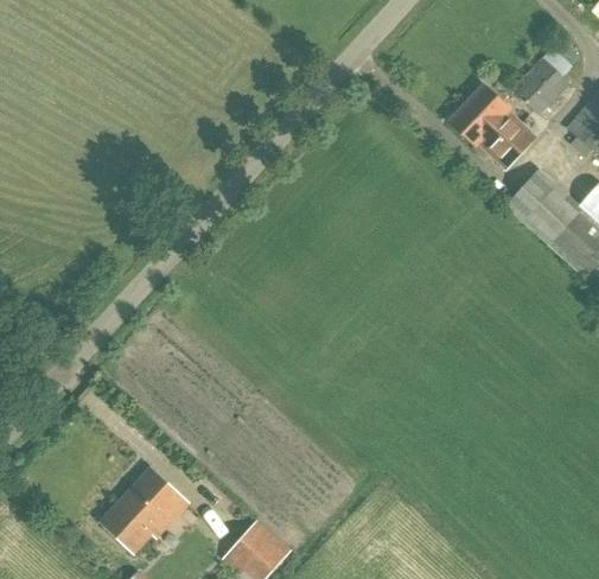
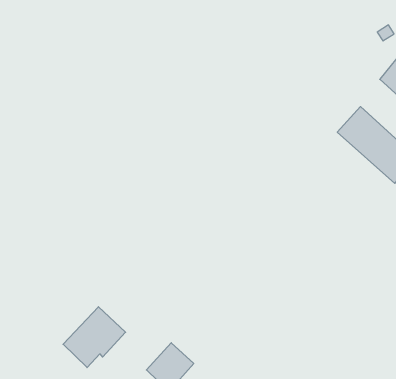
building: [512,57,571,114] -> none
building: [451,83,537,170] -> none

